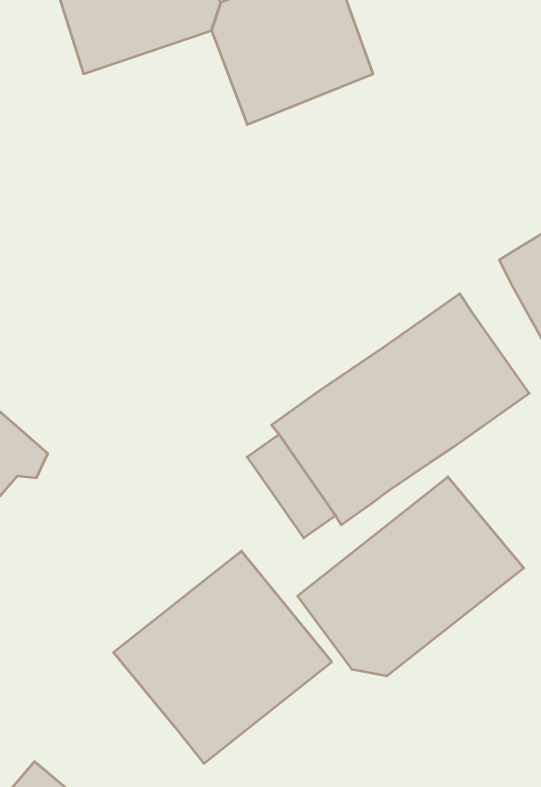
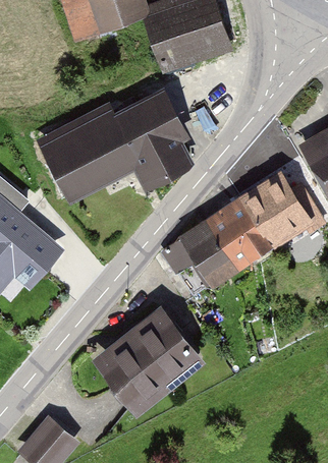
building: none -> [41,89,193,206]
building: [298,477,524,676] -> none

